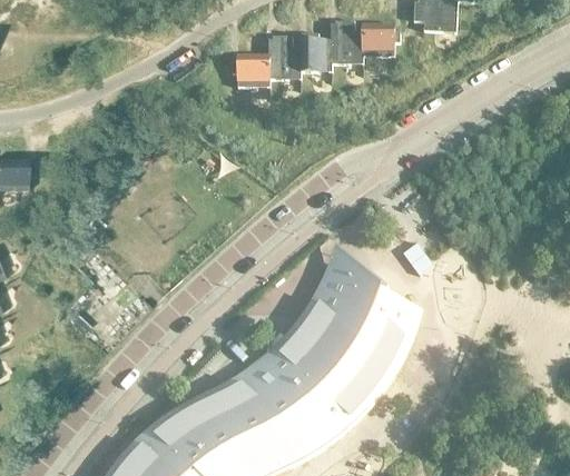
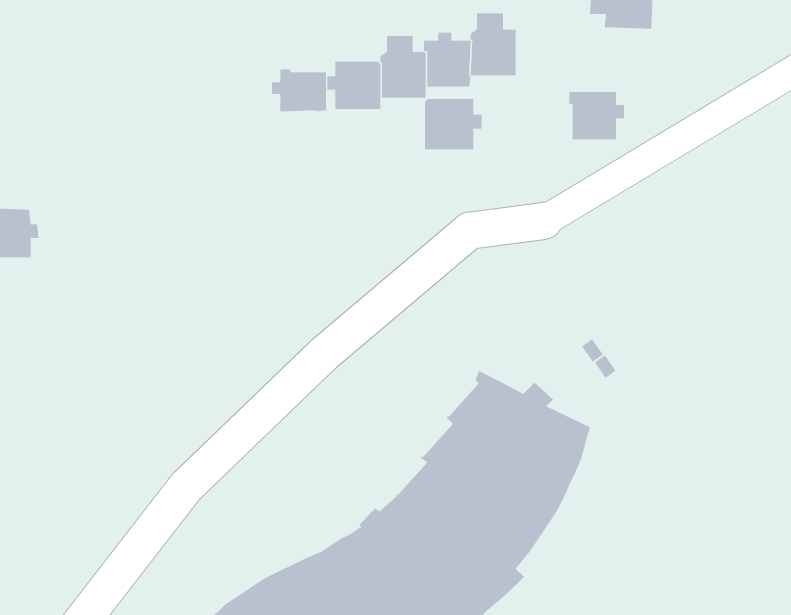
building: [360,21,399,54] -> [568,92,625,140]
building: none -> [272,69,326,112]
building: none -> [425,98,482,150]

